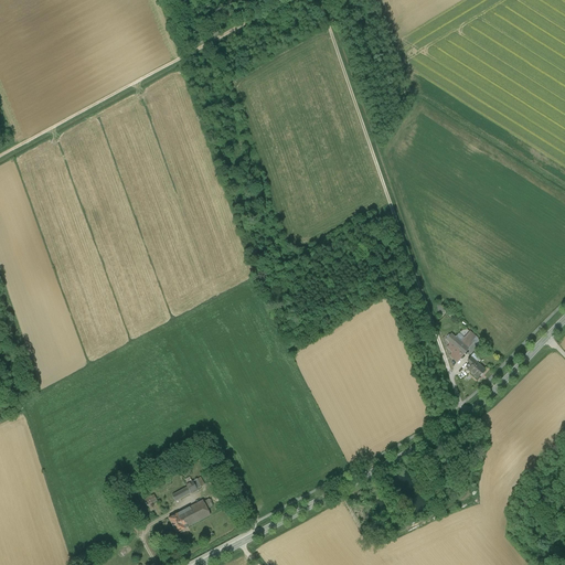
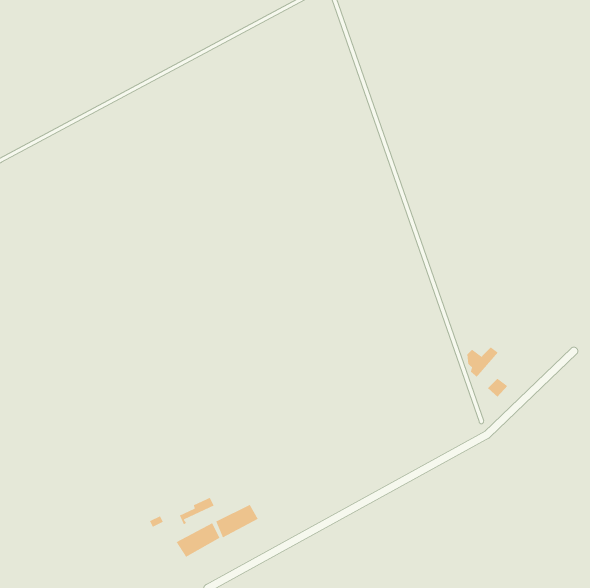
building: none -> [215,504,259,538]

